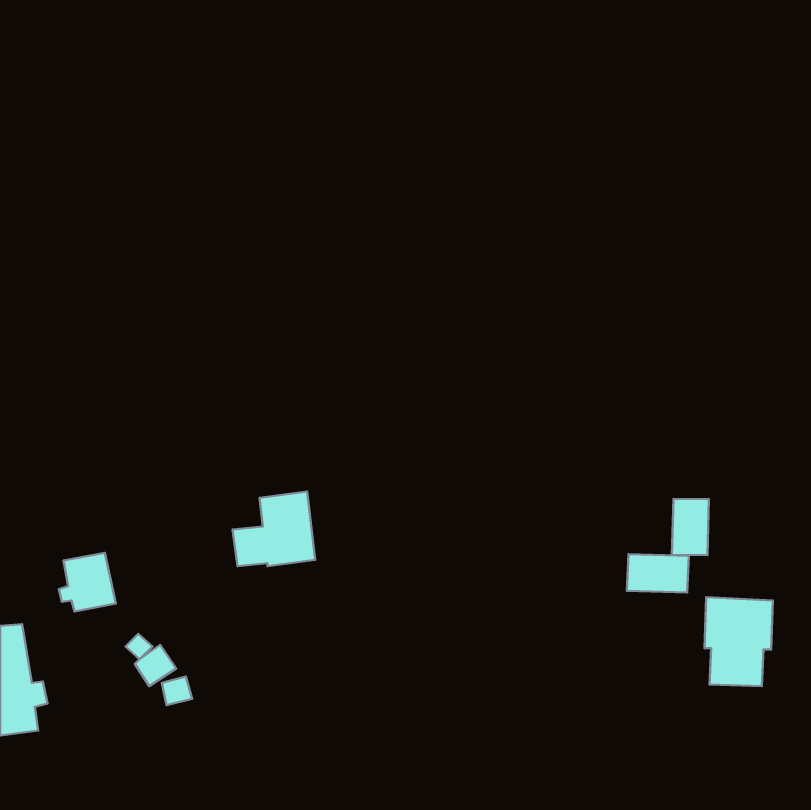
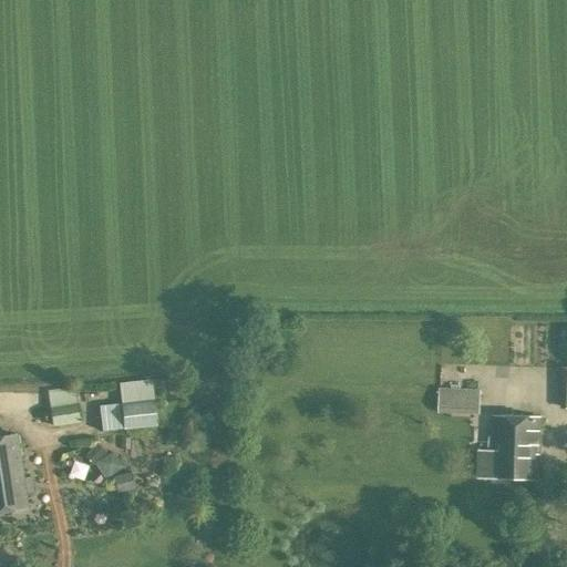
building: [233,492,315,566] -> [99,378,156,430]
building: [672,499,709,555] -> none

